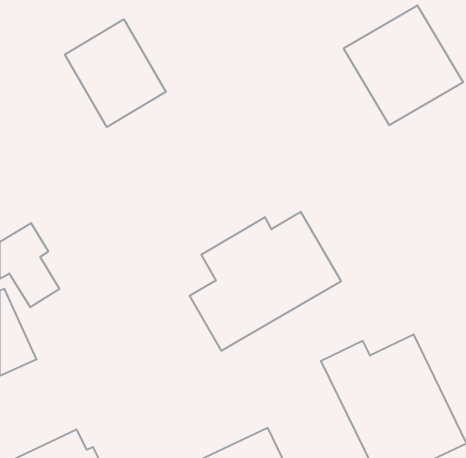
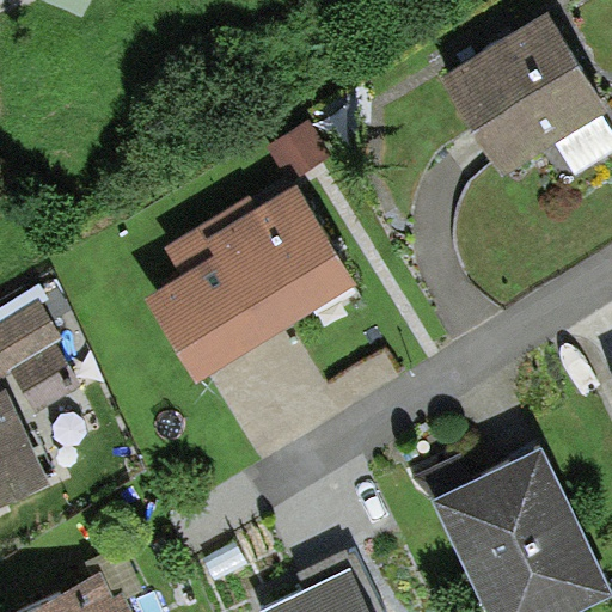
building: [65,19,166,127] -> none
building: [189,212,341,351] -> [152,192,350,374]

